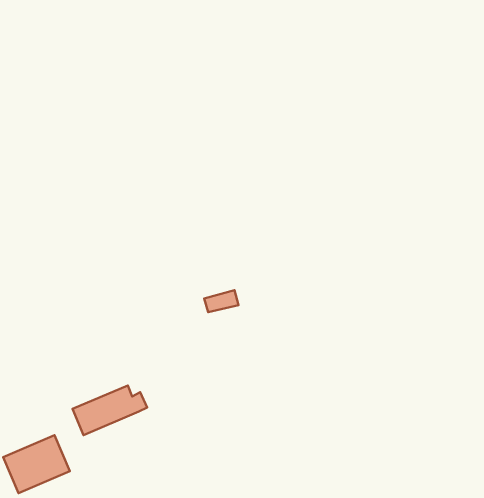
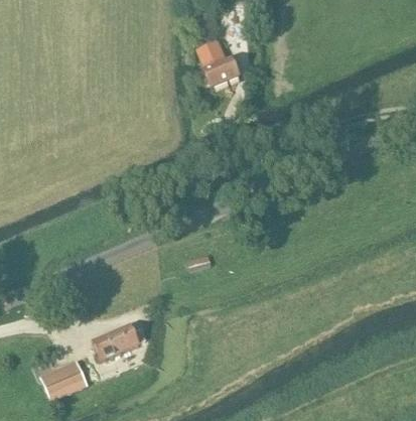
building: none -> [198,51,240,87]

